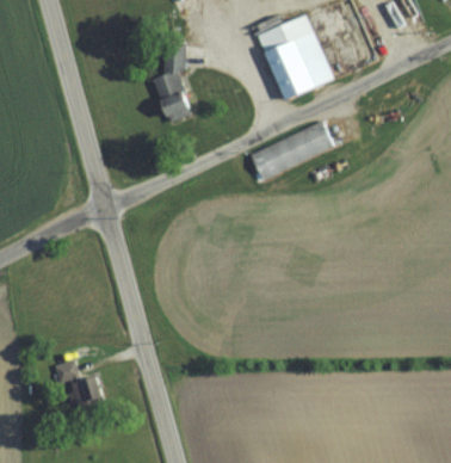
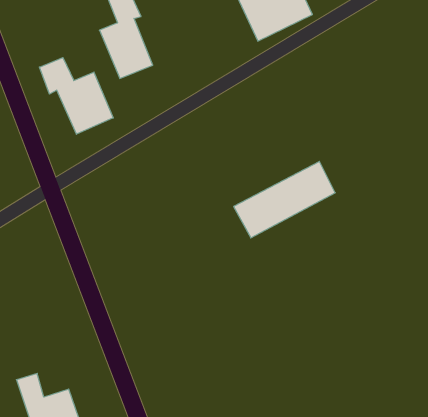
building: none -> [39,58,113,134]
building: [247,121,333,179] -> [234,161,335,238]

